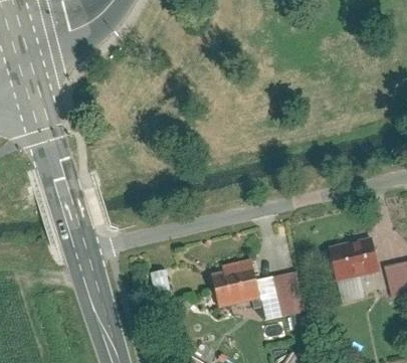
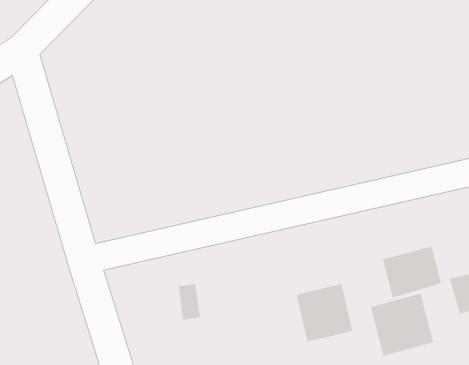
building: [212,259,259,307] -> none
building: none -> [370,293,434,357]

